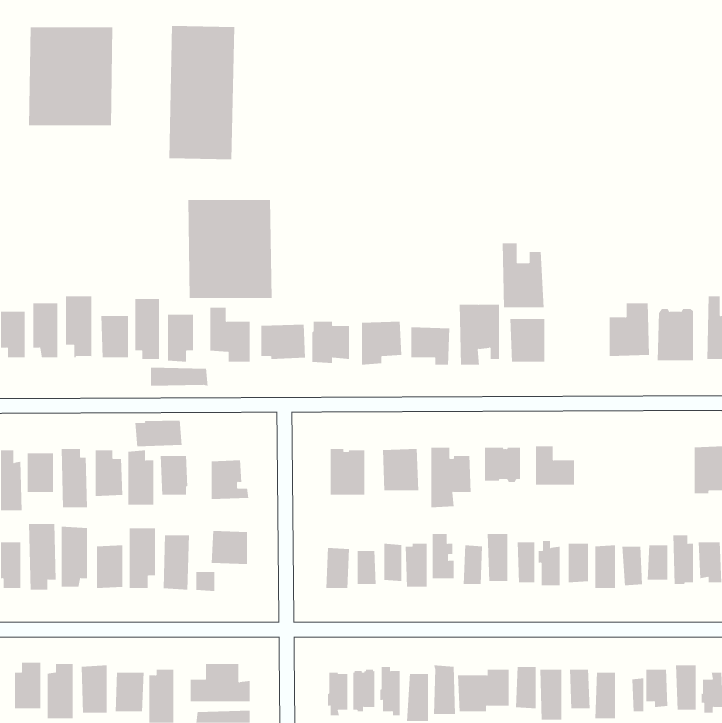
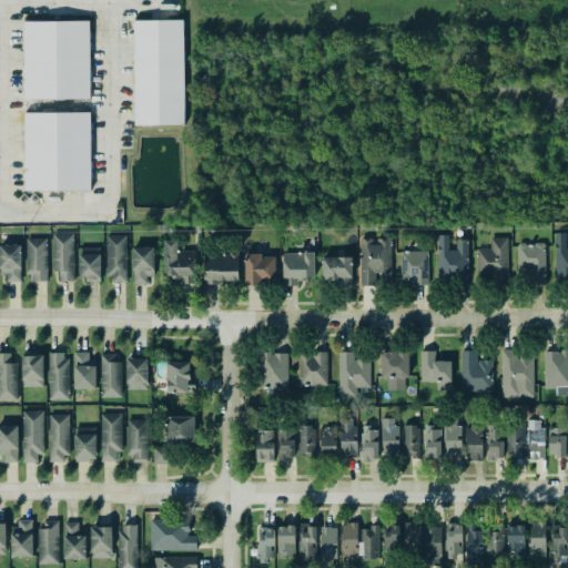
building: [187,200,272,299] -> [23,112,90,190]
building: [502,243,544,308] -> [436,233,469,284]
building: [150,367,208,387] -> none
building: [135,420,182,447] -> none
building: none -> [462,349,493,390]
building: none -> [503,349,535,397]

